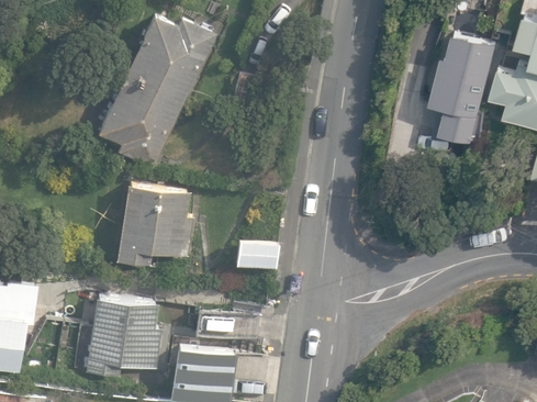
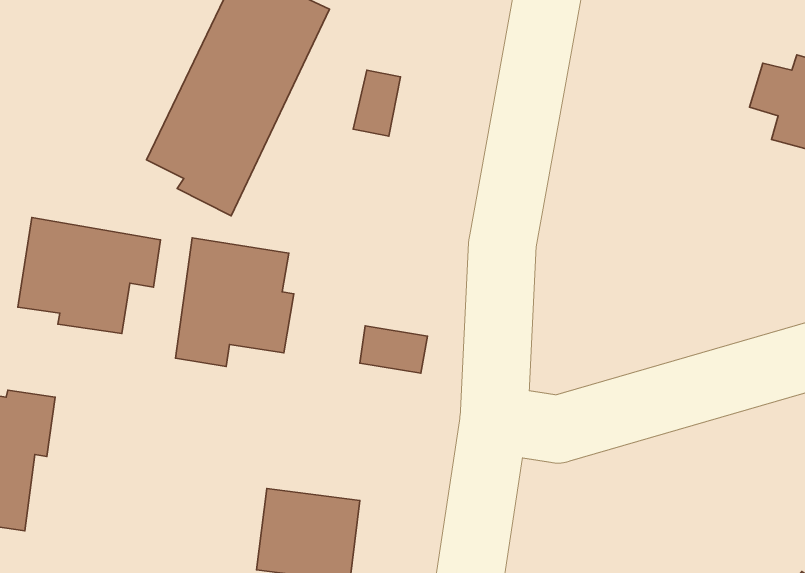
building: [432,36,499,146] -> none
building: none -> [18,218,160,334]
building: [87,297,161,378] -> none

